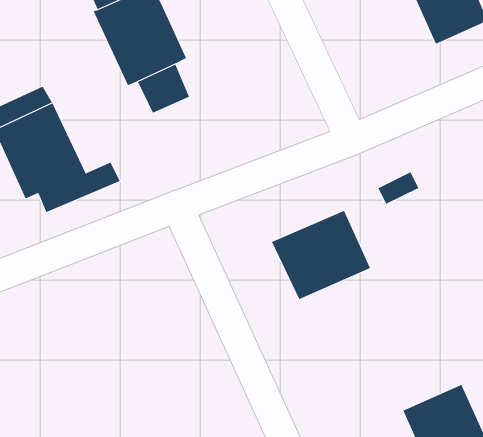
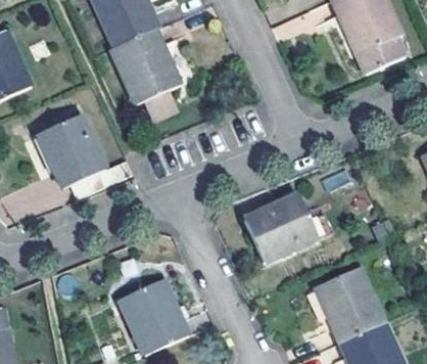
building: none -> [314,267,384,343]
building: none -> [121,279,189,354]

